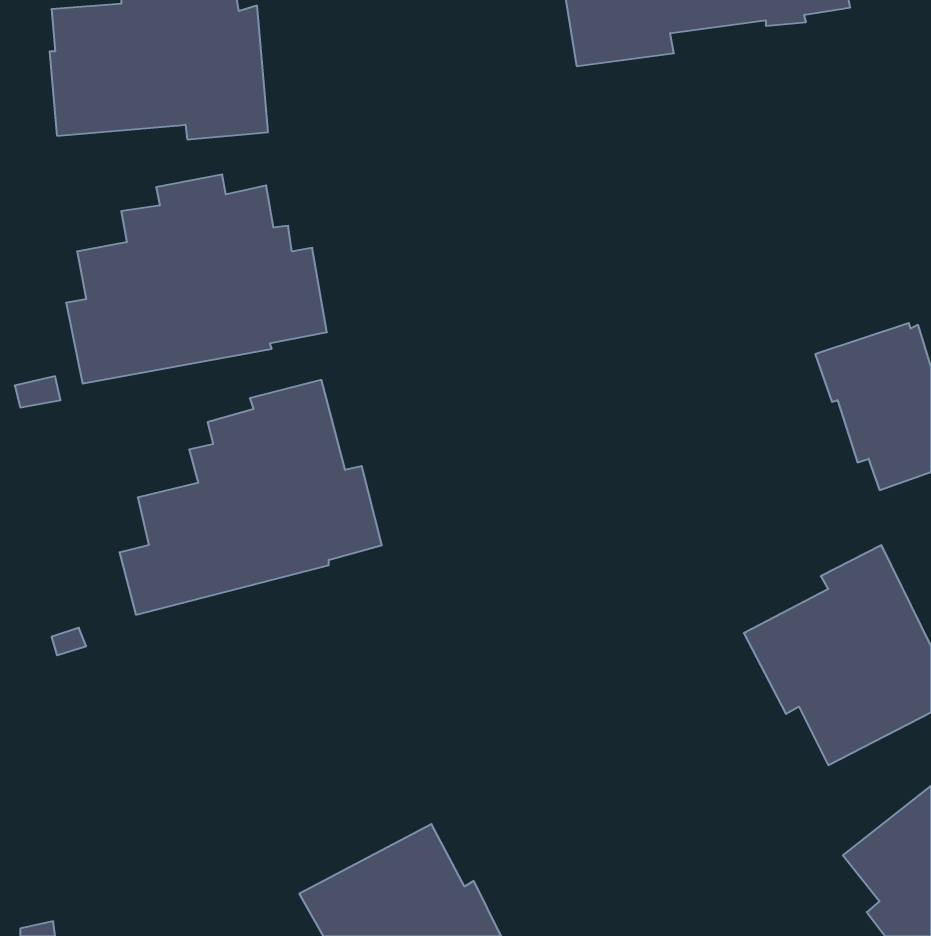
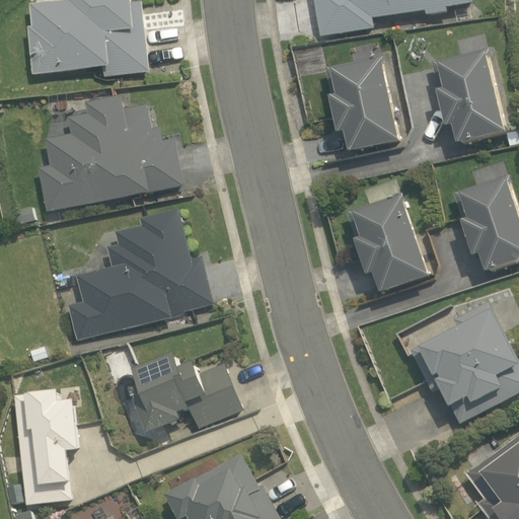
building: none -> [430,43,504,143]
building: none -> [324,52,398,151]
building: none -> [343,196,429,291]
building: none -> [128,352,241,434]
building: none -> [13,388,82,503]

